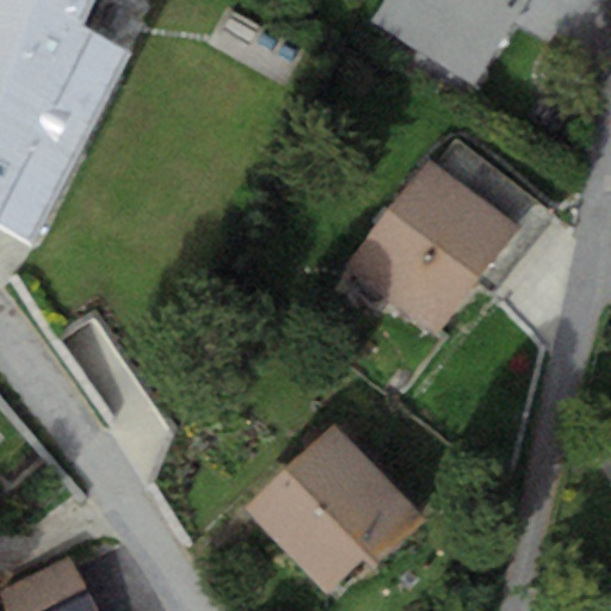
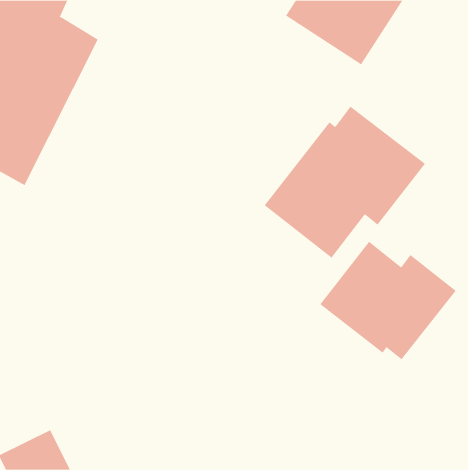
building: none -> [320,241,456,360]
building: [246,424,419,595] -> none

